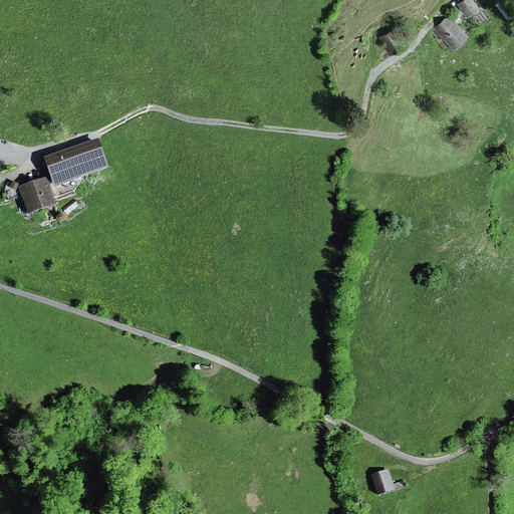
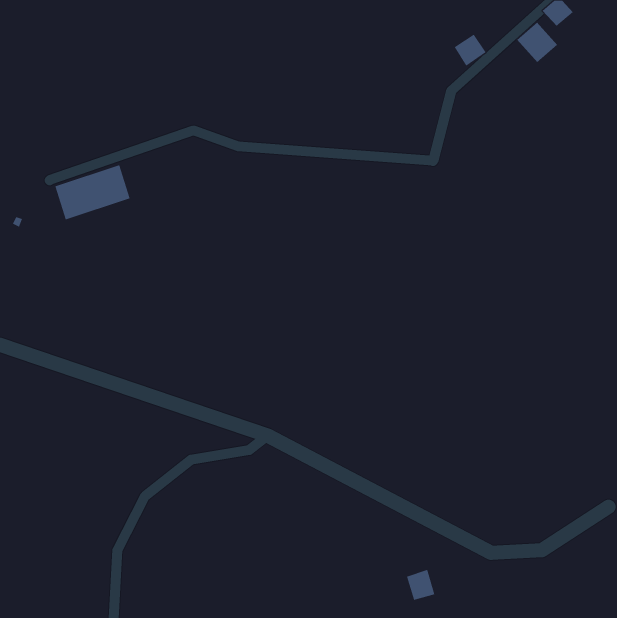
building: [21,176,57,211] -> none
building: [372,469,397,495] -> [406,569,435,601]

